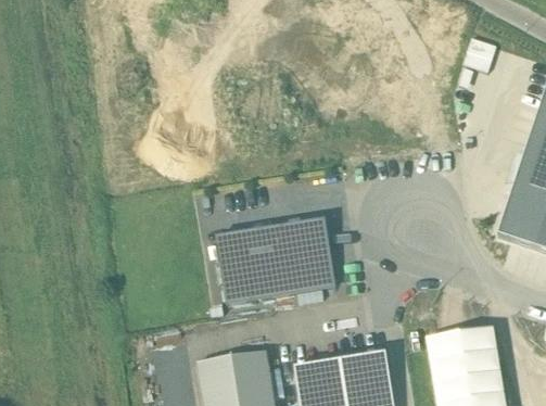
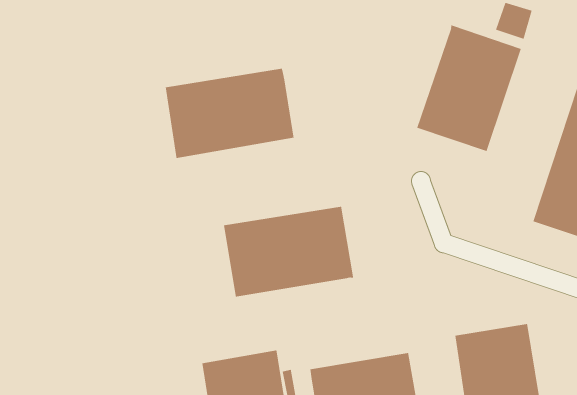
building: none -> [417,25,521,152]
building: none -> [165,68,294,159]

